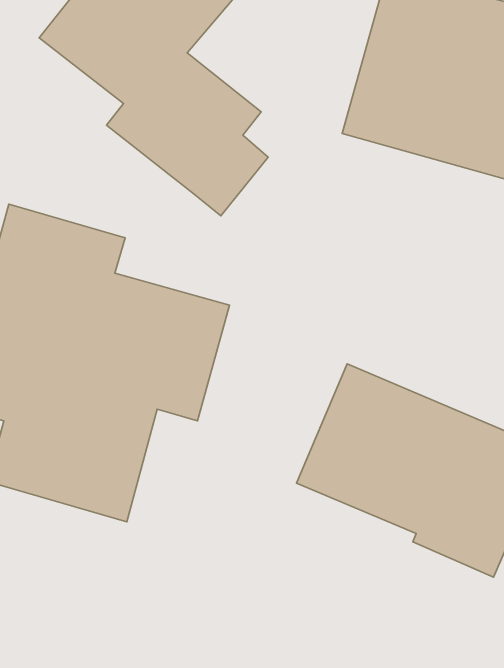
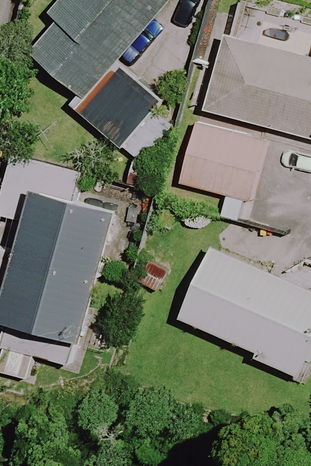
building: none -> [179,123,264,200]

